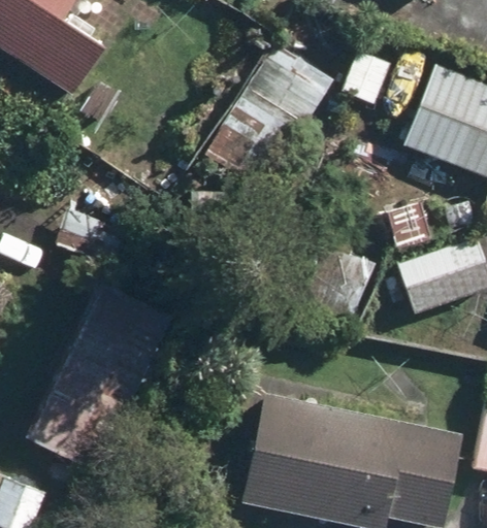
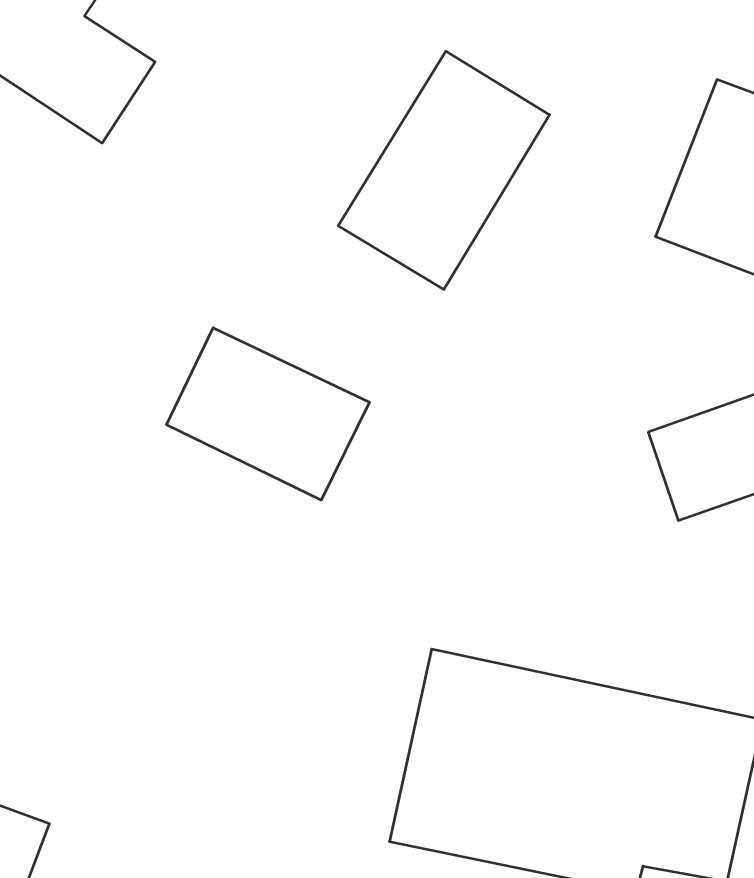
building: none -> [167,328,369,500]
building: [35,285,173,463] -> none

